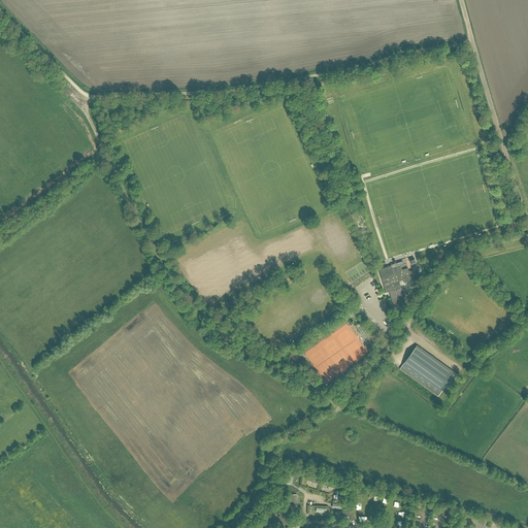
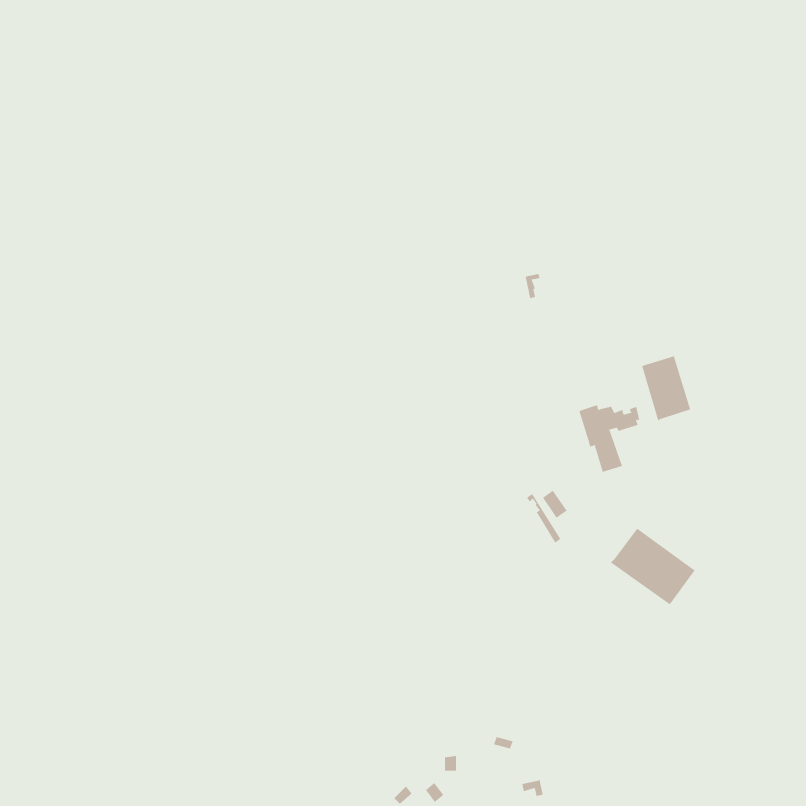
building: none -> [642,355,691,421]

